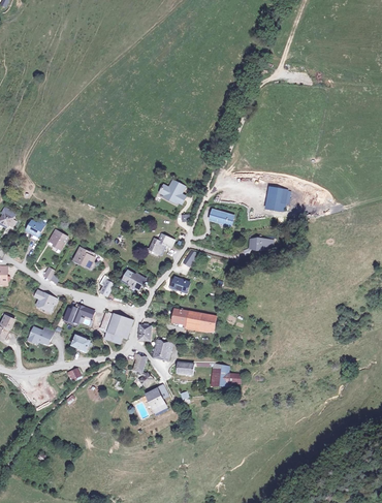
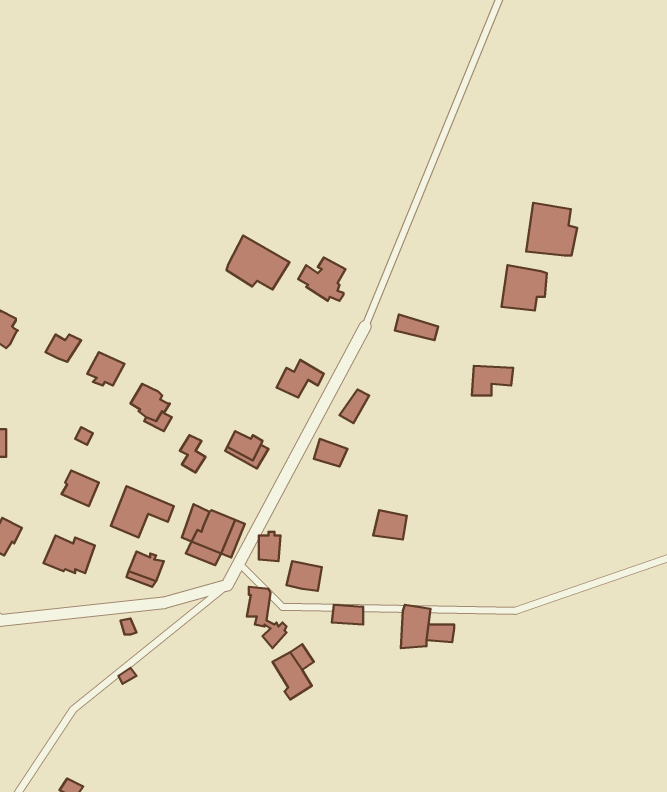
building: none -> [526,203,577,256]
building: none -> [227,235,290,290]
building: [172,308,202,326] -> none

